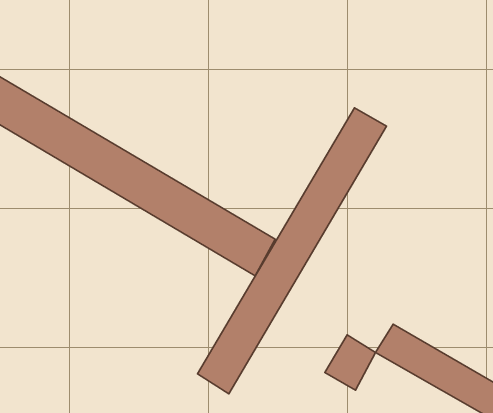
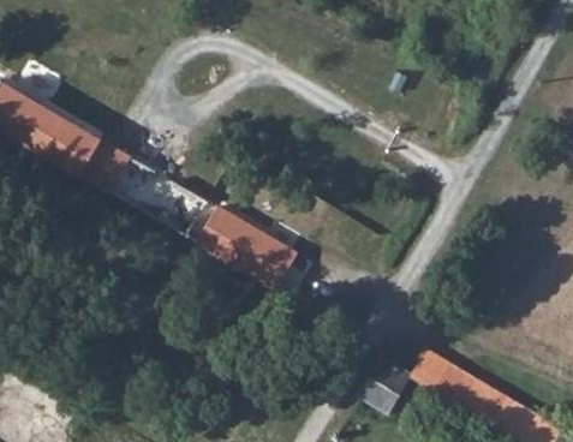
building: [197,108,387,394] -> none

